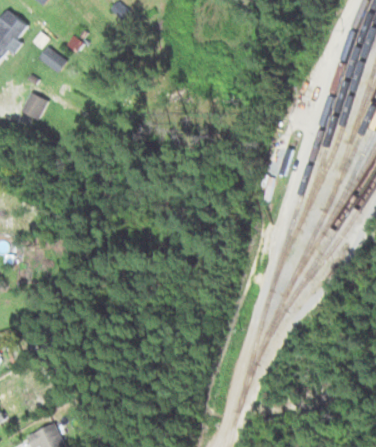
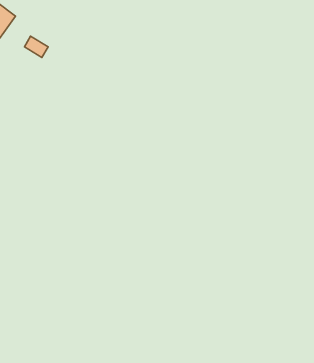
building: [21,91,48,120] -> none

